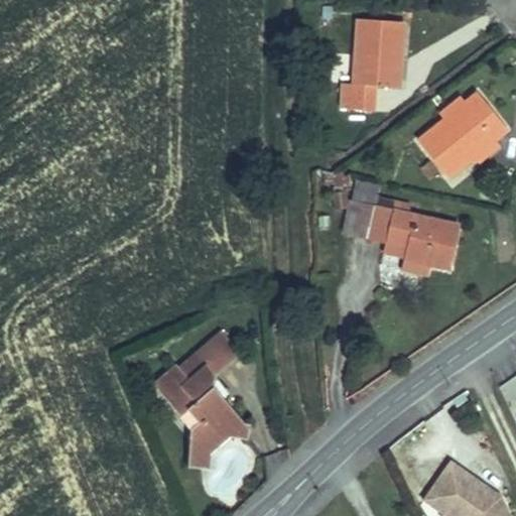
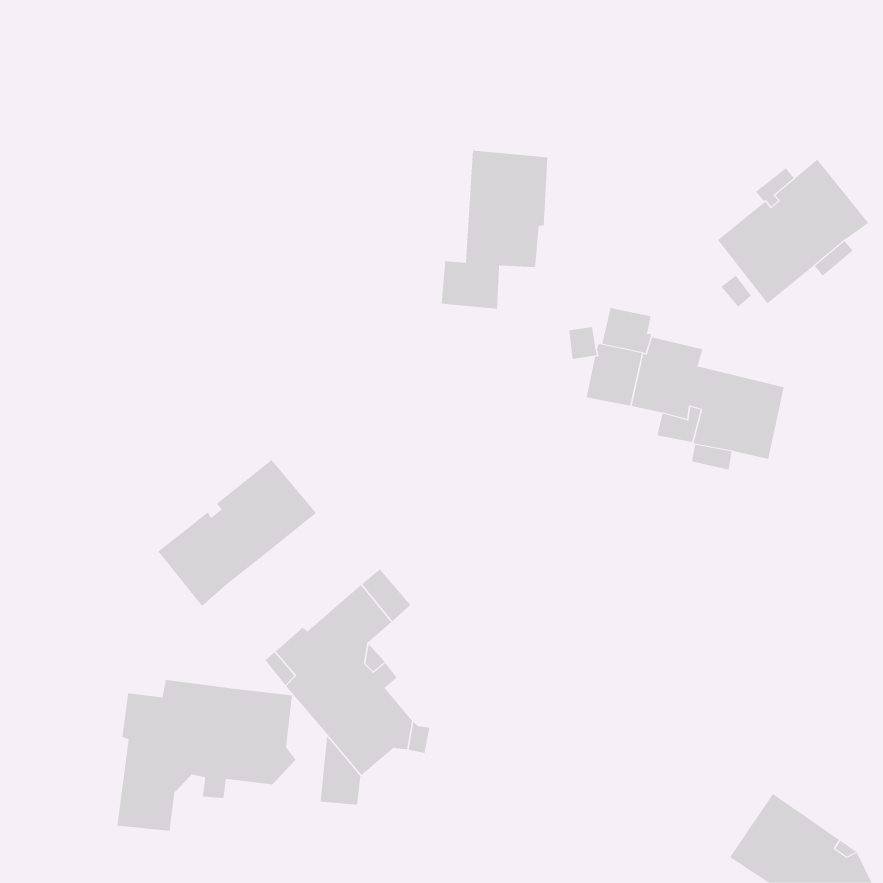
building: [340,18,402,111] -> [441,150,548,309]
building: none -> [158,459,317,607]
building: none -> [117,679,296,832]

